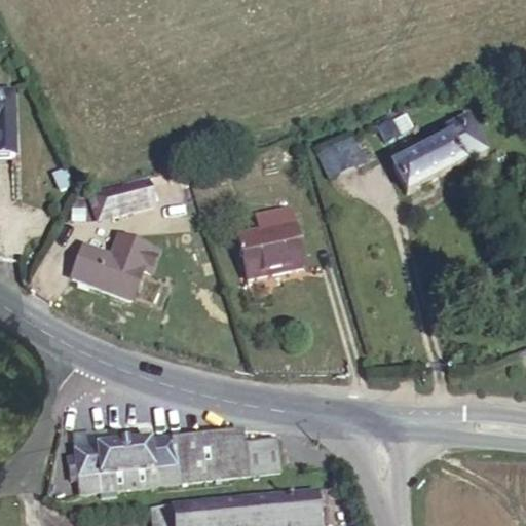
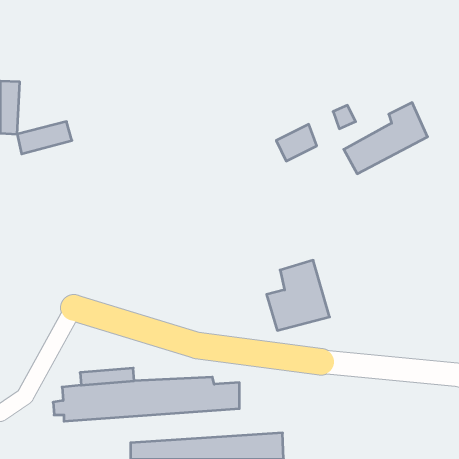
building: [93,184,156,221] -> [17,122,72,154]
building: [235,202,307,283] -> [267,260,330,330]
building: [72,234,153,297] -> none

